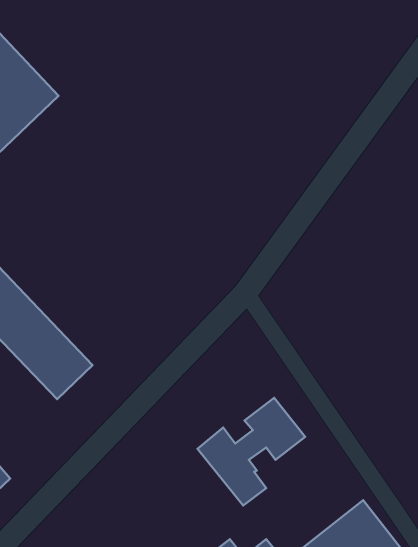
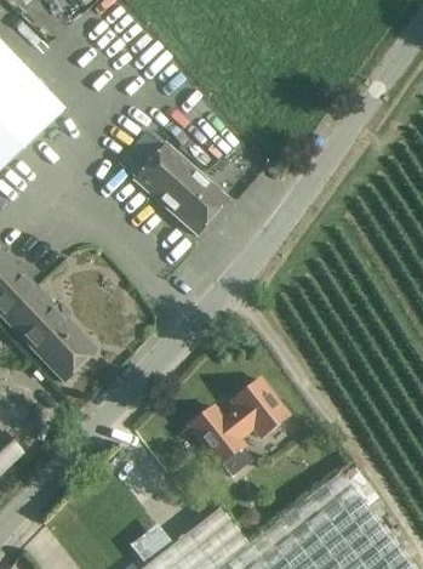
building: none -> [119,131,229,235]

